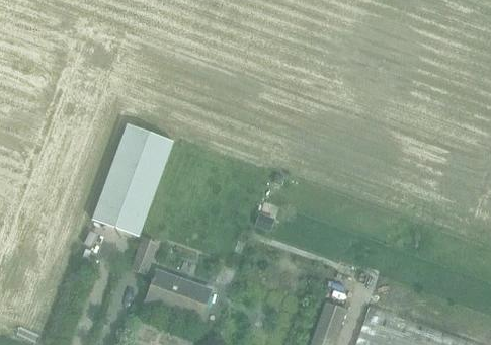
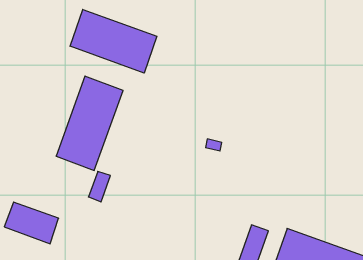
building: none -> [70,9,157,73]
building: [145,272,210,322] -> [4,202,59,244]

